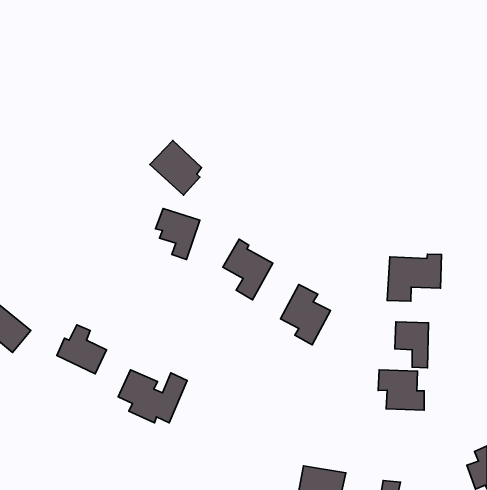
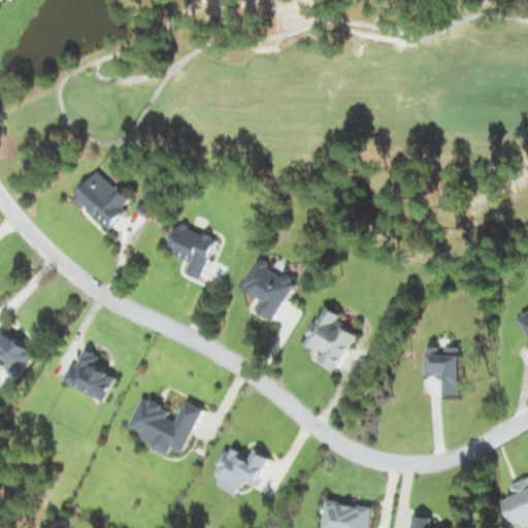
building: [150,141,202,195] -> [71,171,127,230]
building: [387,254,441,301] -> none
building: [378,370,424,410] -> none
building: none -> [209,448,268,496]

